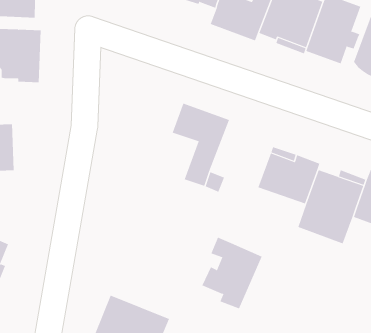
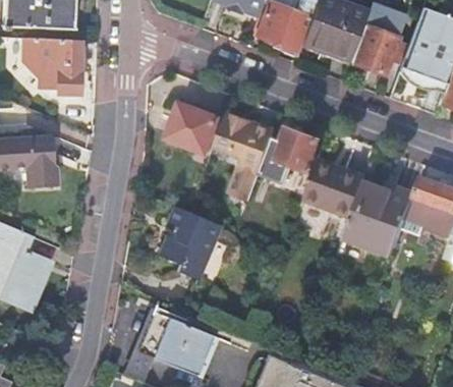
building: none -> [167,104,220,154]
building: none -> [276,128,319,170]
building: [202,237,262,309] -> [161,206,223,280]

